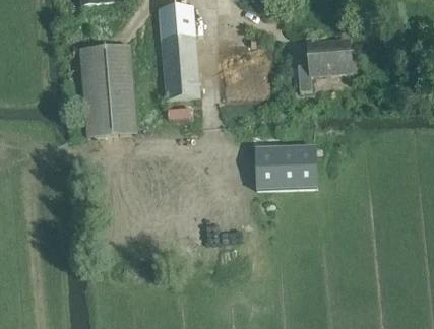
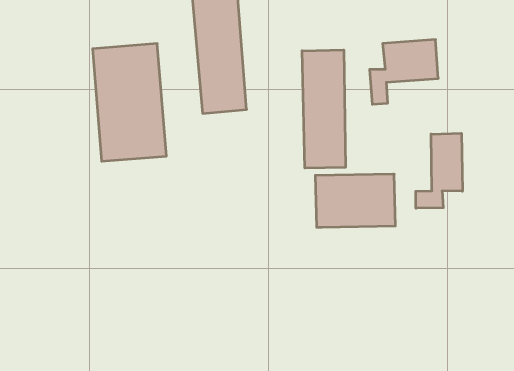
building: none -> [302,50,345,168]
building: none -> [416,133,462,208]

